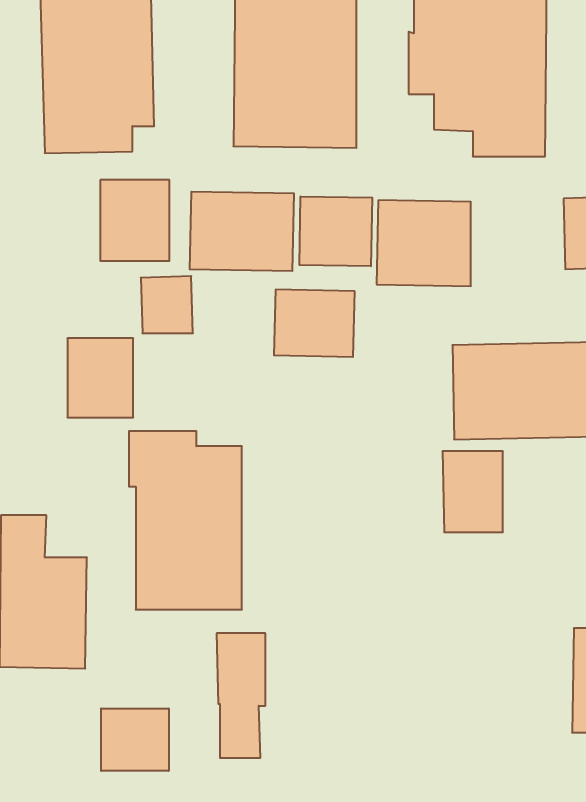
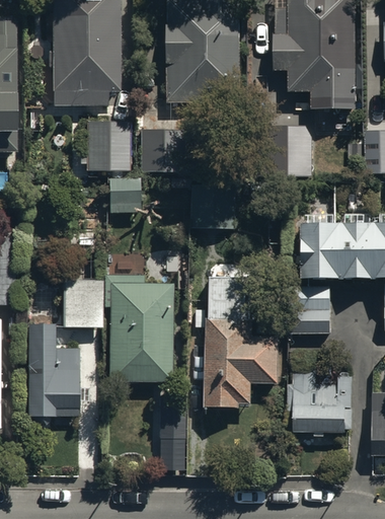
building: [299,196,372,266] -> none
building: [67,338,133,417] -> [62,279,101,326]
building: none -> [205,275,278,406]
building: none -> [289,372,353,433]
building: [101,708,169,771] -> none

